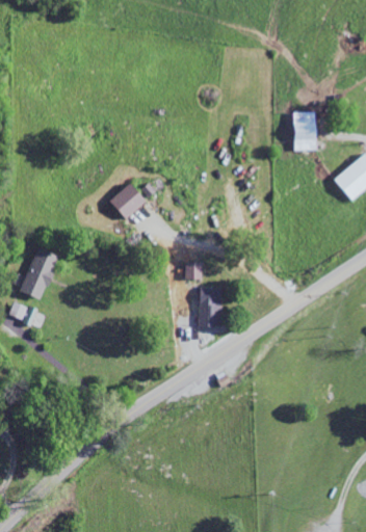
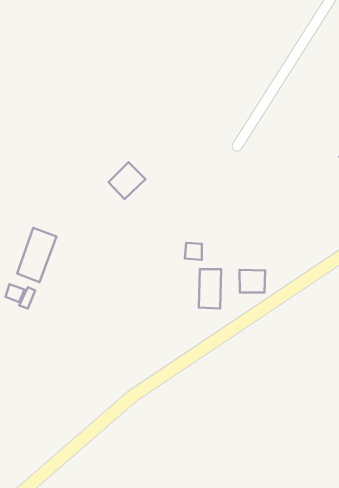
building: [294,112,316,151] -> none
building: none -> [239,270,265,293]

